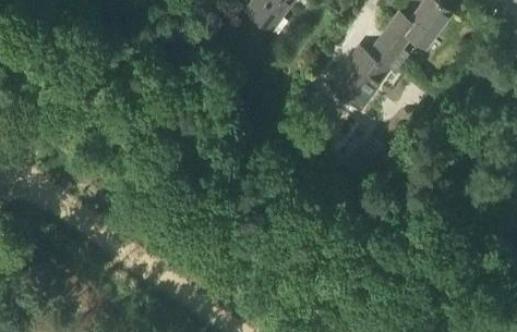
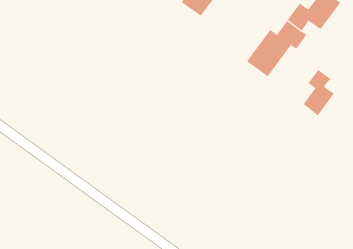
building: none -> [303,69,334,116]

